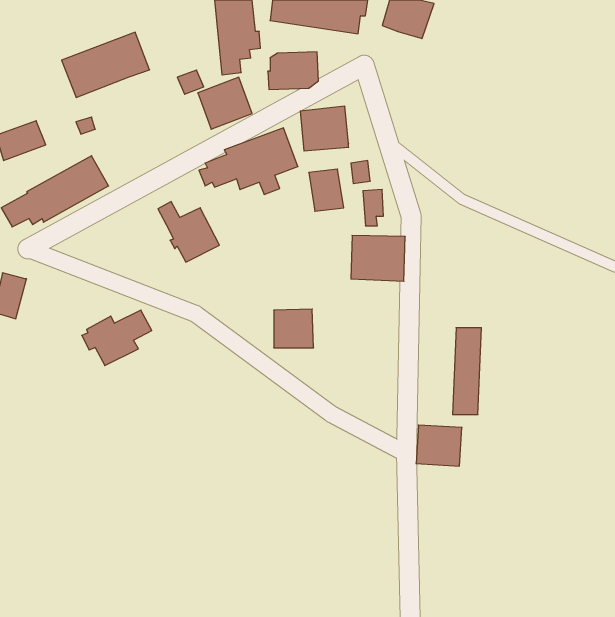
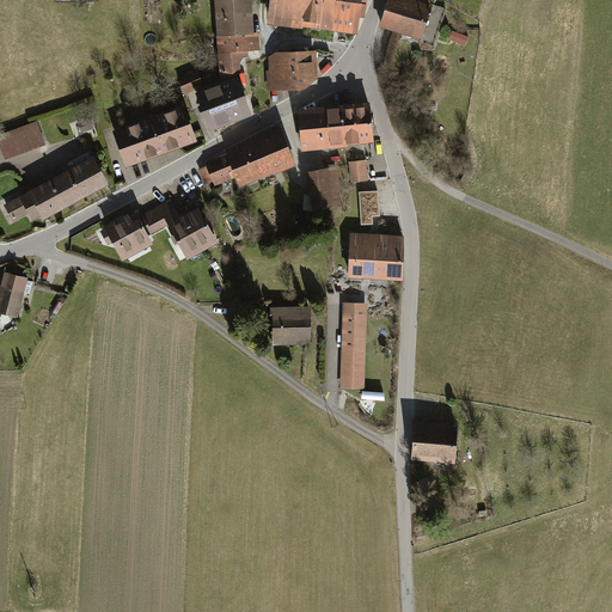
building: [62,32,150,97] -> [111,102,198,166]
building: none -> [342,100,373,142]
building: [82,310,152,366] -> [98,207,167,262]
building: [453,328,481,415] -> [338,302,367,388]

